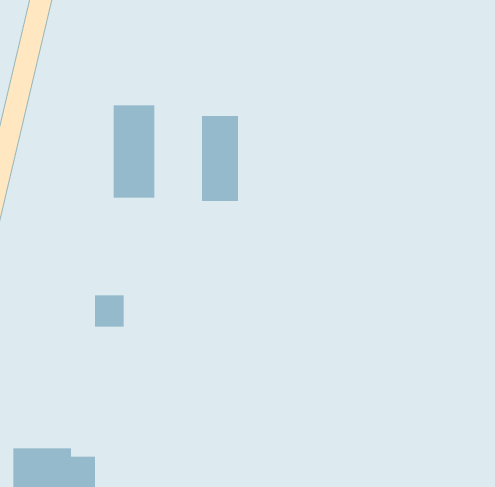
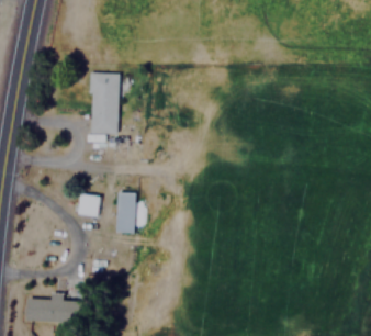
building: [201,115,239,202] -> none
building: none -> [116,192,135,233]

